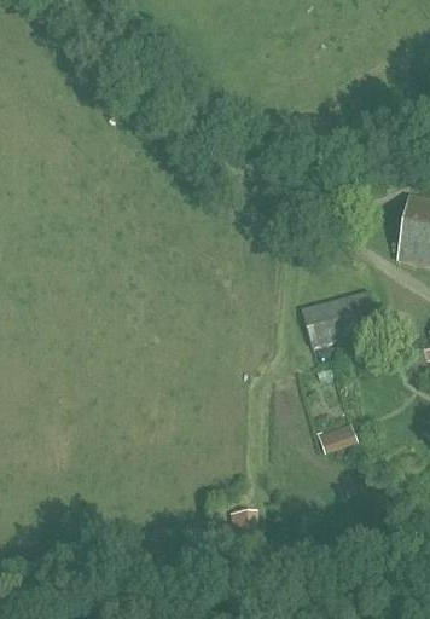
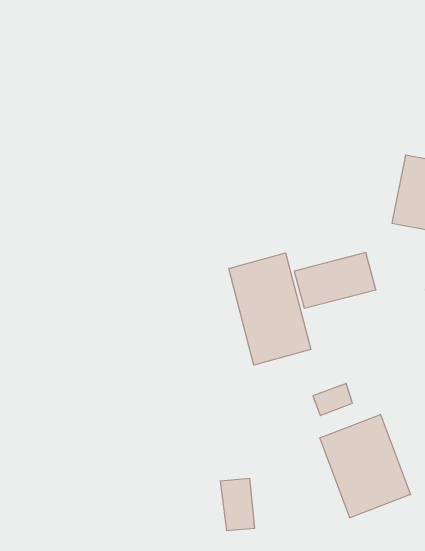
building: none -> [229,253,311,365]
building: none -> [320,414,411,518]

